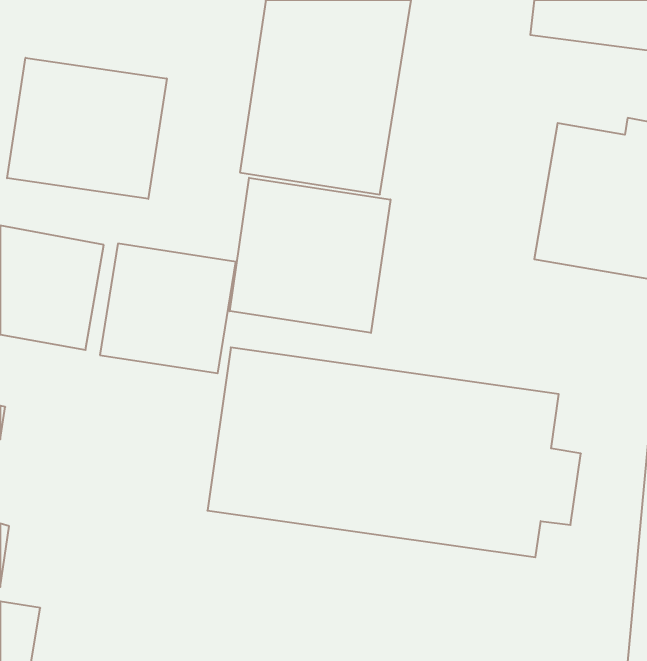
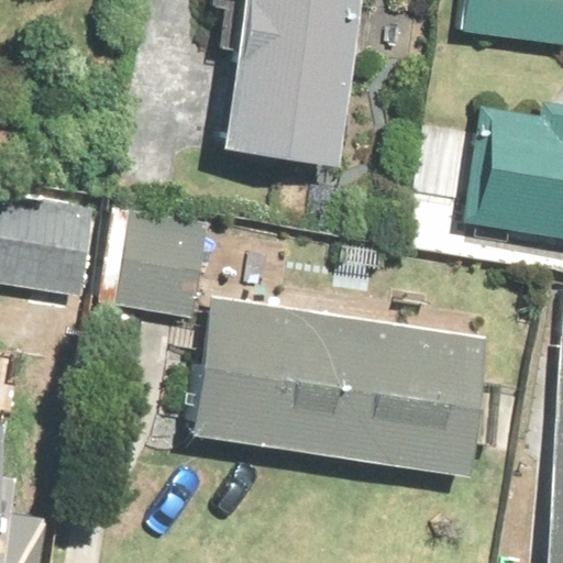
building: [7,58,167,199] -> none
building: [230,178,390,333] -> none

